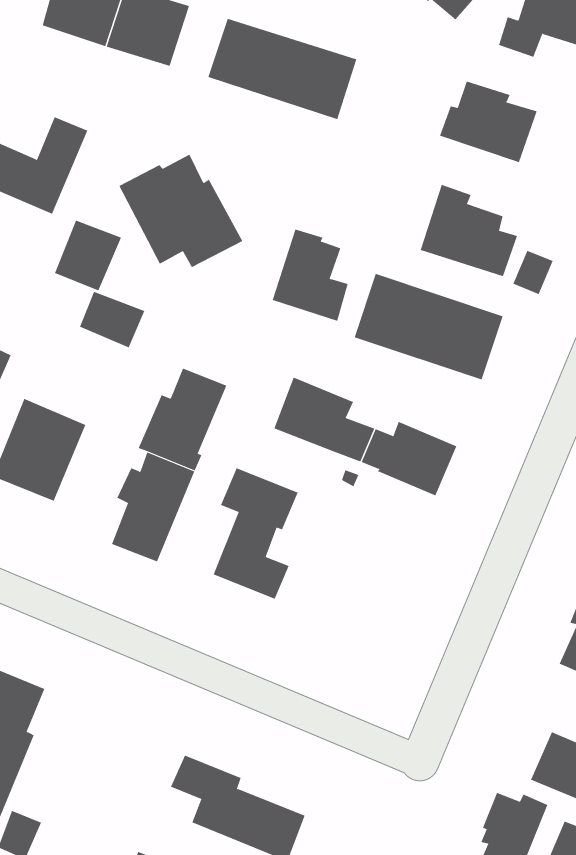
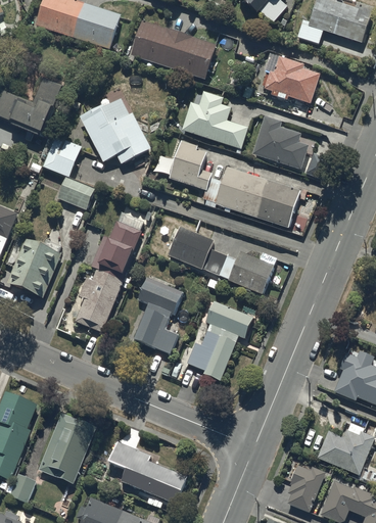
building: none -> [182,91,248,148]
building: none -> [187,301,253,381]
building: none -> [39,414,96,483]

